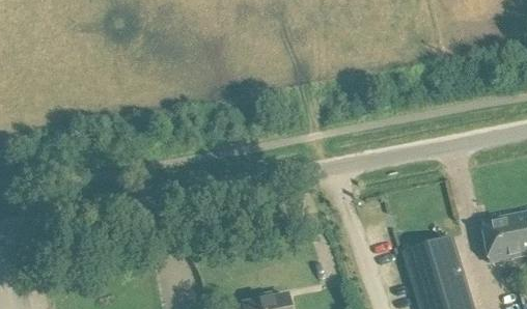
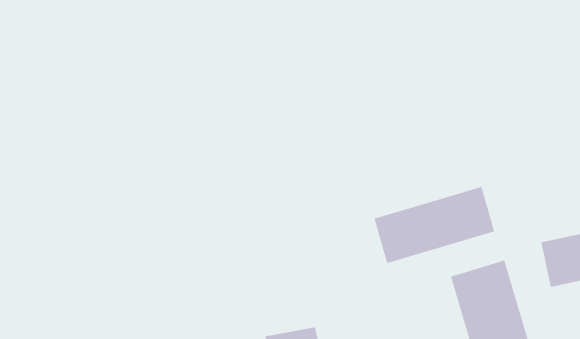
building: none -> [374,186,495,264]

